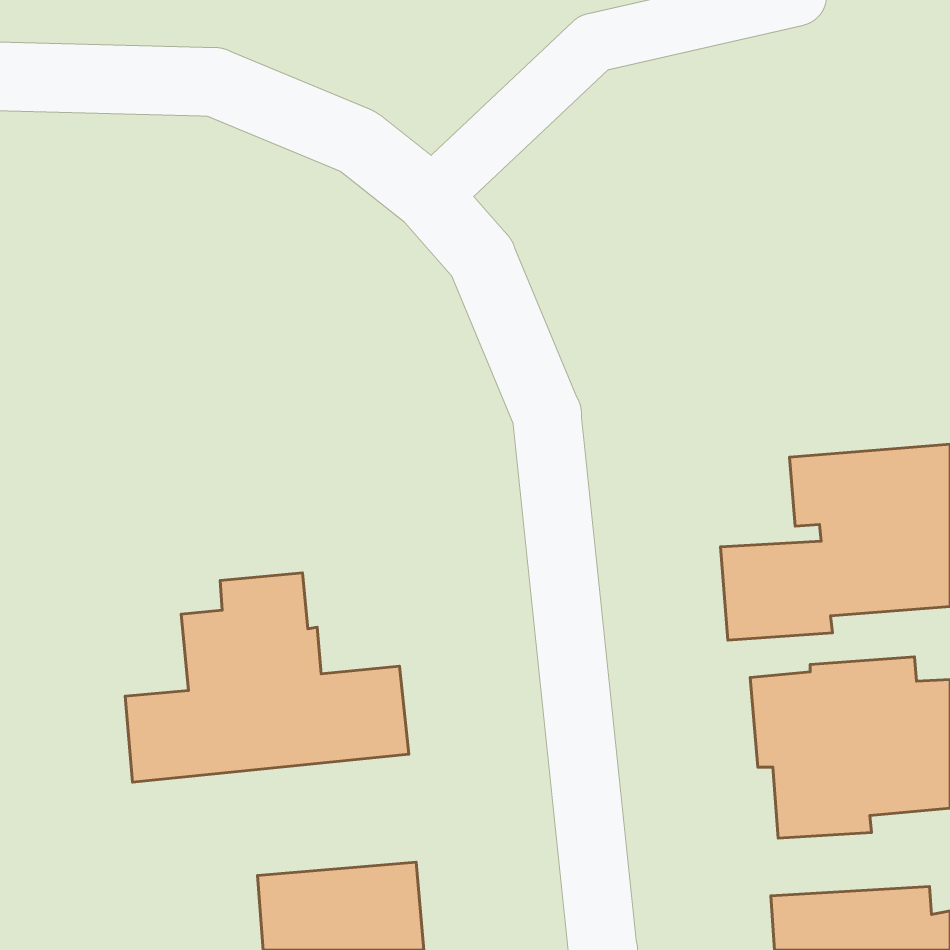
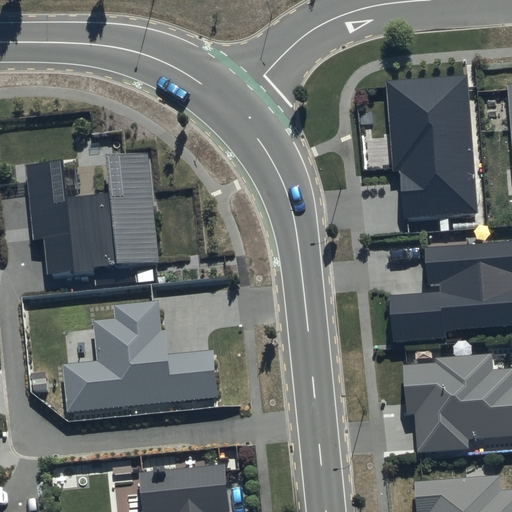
building: none -> [387,82,479,226]
building: none -> [29,156,159,282]

